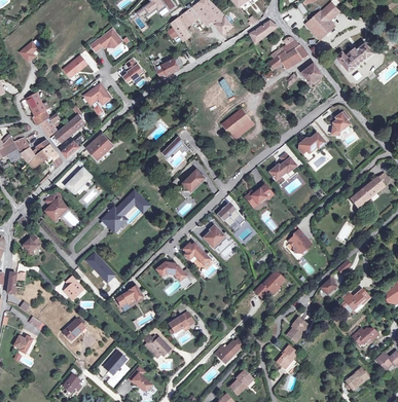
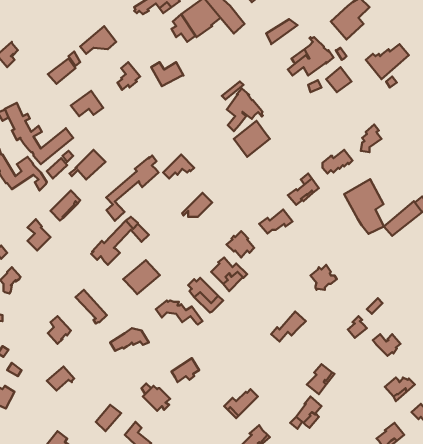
building: none -> [227,88,263,131]
building: none -> [106,155,159,221]
building: none -> [344,179,384,234]
building: none -> [123,260,160,294]

